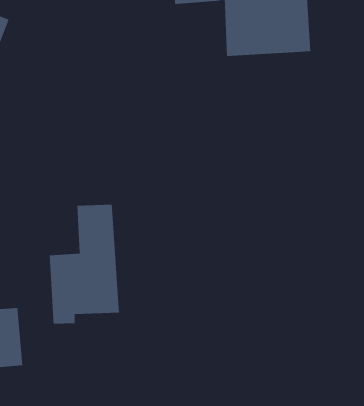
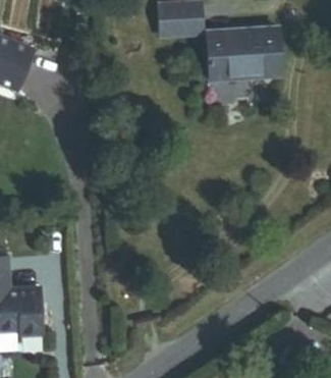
building: [49,204,120,324] -> none

